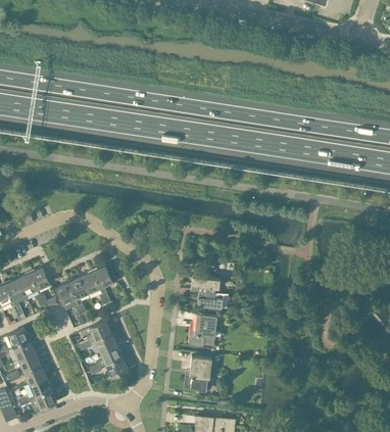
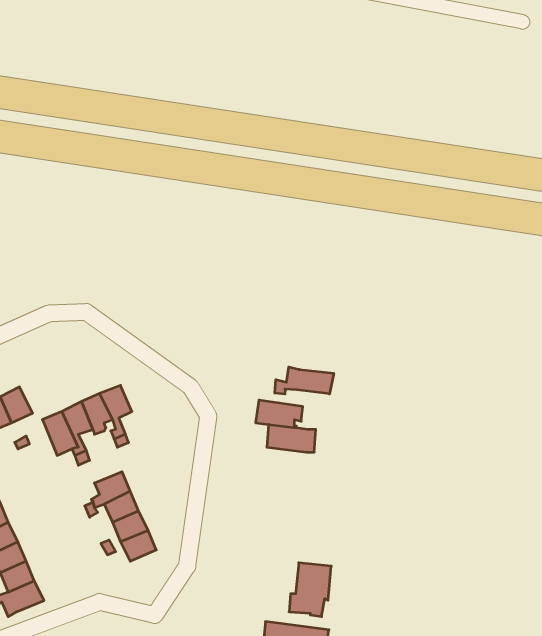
building: none -> [275,367,334,394]
building: [189,314,216,346] -> none
building: [185,356,211,390] -> [289,563,331,617]

